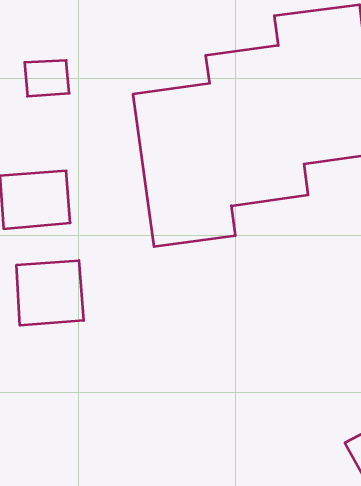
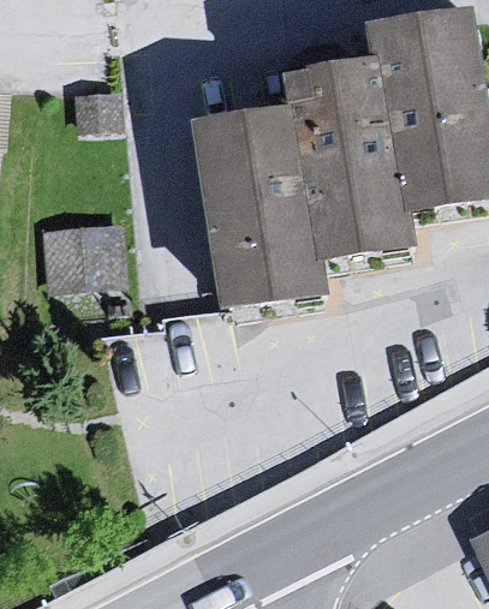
building: [17,260,84,325] -> none

